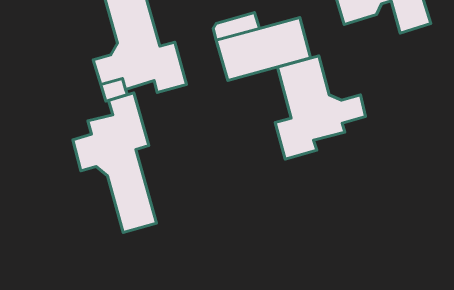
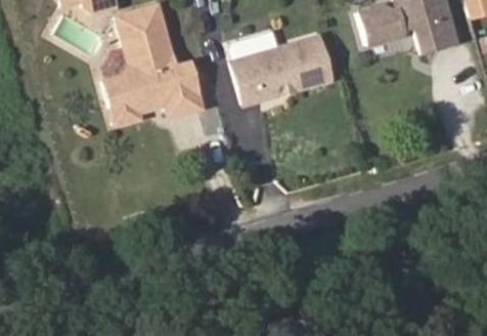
building: [275,56,365,159] -> none
building: [73,93,156,232] -> none

